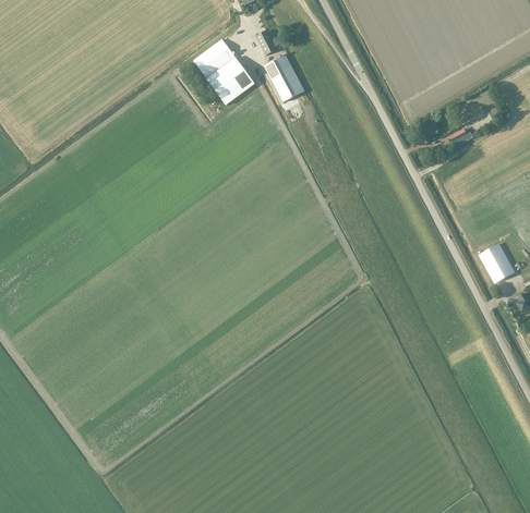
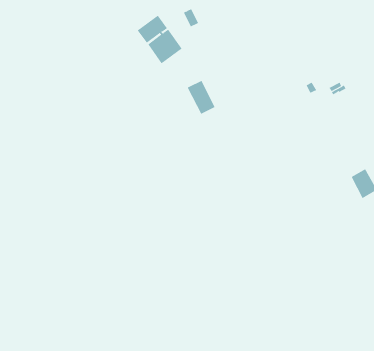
building: [265,54,303,100] -> [187,80,216,115]

